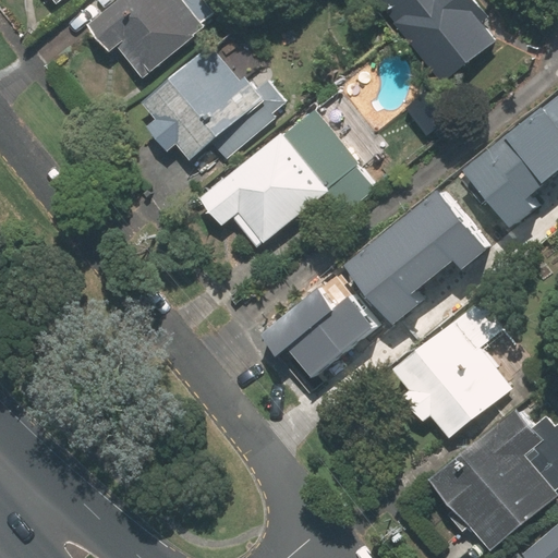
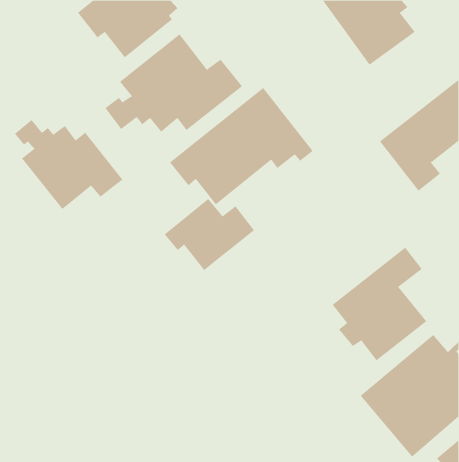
building: none -> [14,119,123,210]
building: [338,192,481,327] -> none
building: [256,292,365,379] -> [164,198,255,271]

